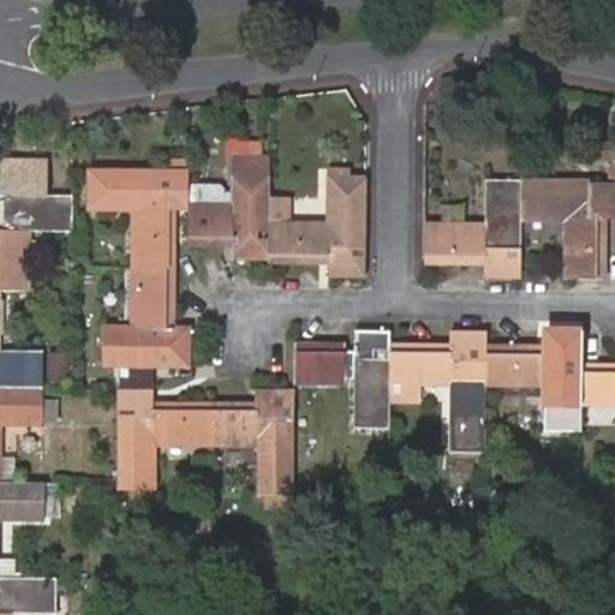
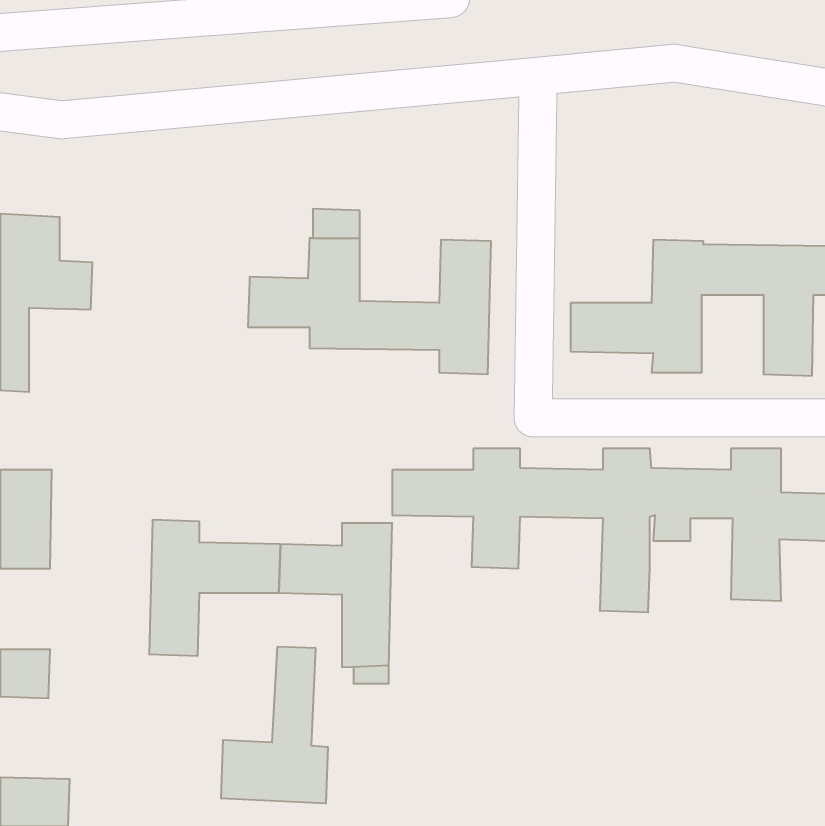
building: [89,169,189,363] -> none
building: none -> [221,647,328,804]

